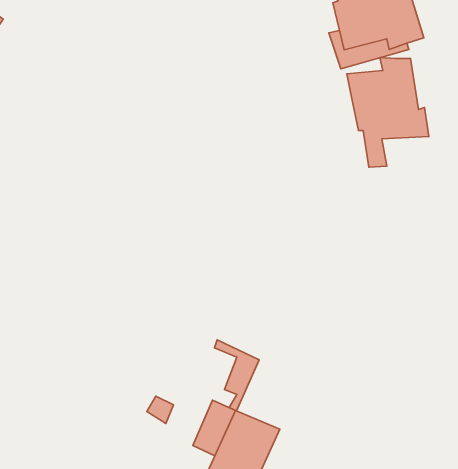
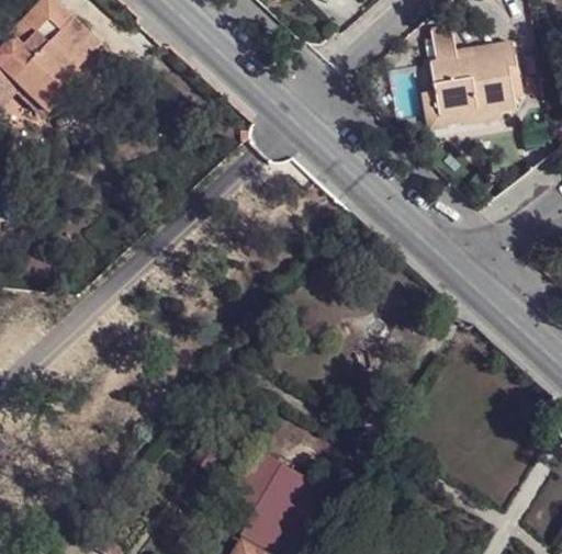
building: [347,58,429,167] -> none
building: [214,340,259,411] -> none

